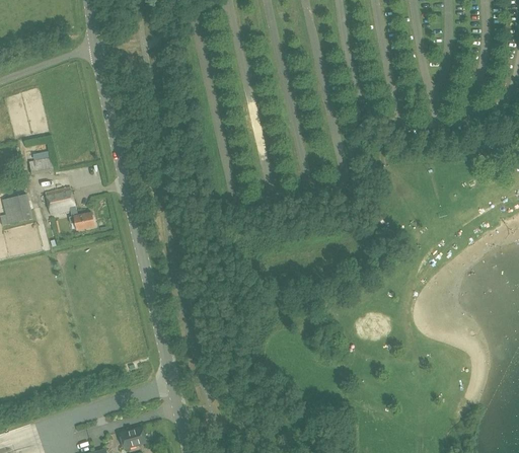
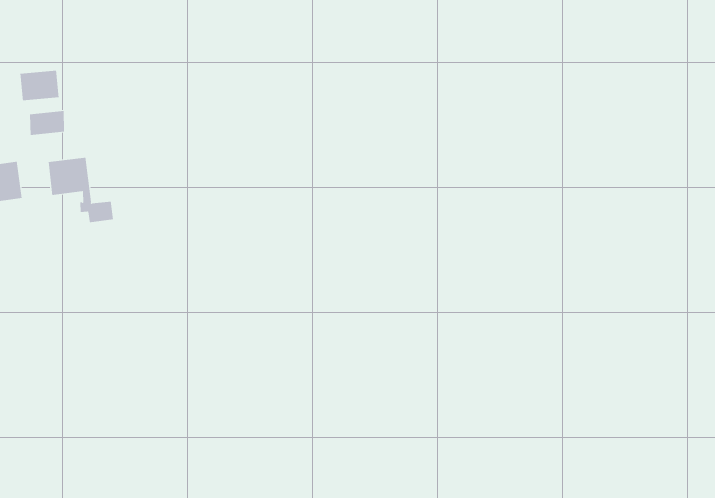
building: none -> [20,70,59,101]

